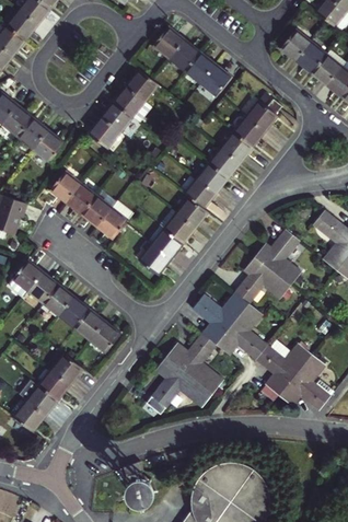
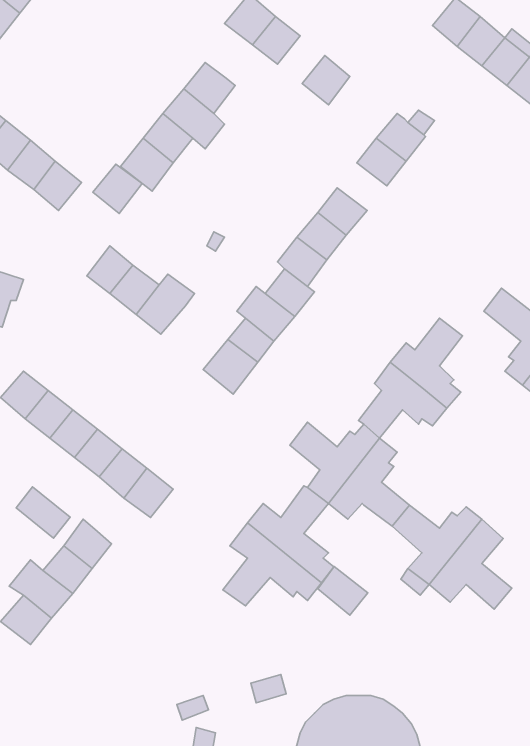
building: [184,54,213,83] -> none
building: [221,132,252,162] -> none
building: [49,172,80,202] -> [93,164,142,213]
building: none -> [16,487,70,538]
building: none -> [318,566,368,615]

